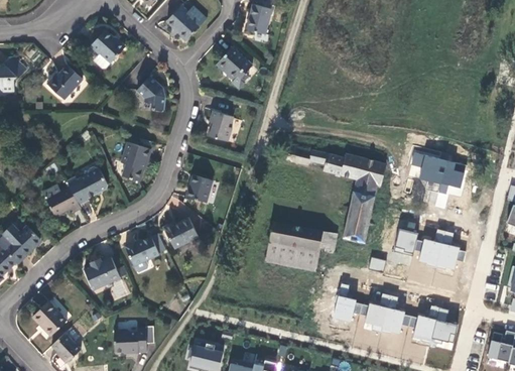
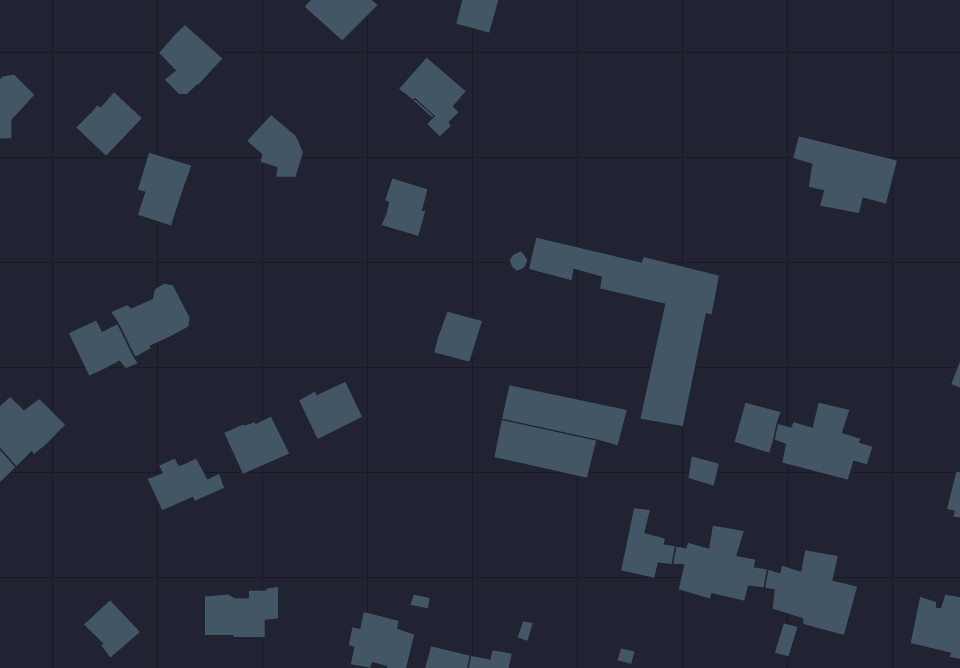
building: [122,142,151,181] -> [137,152,193,227]
building: [410,152,466,194] -> [792,135,898,214]
building: [185,175,212,203] -> [433,311,483,363]
building: [32,302,66,336] -> none

